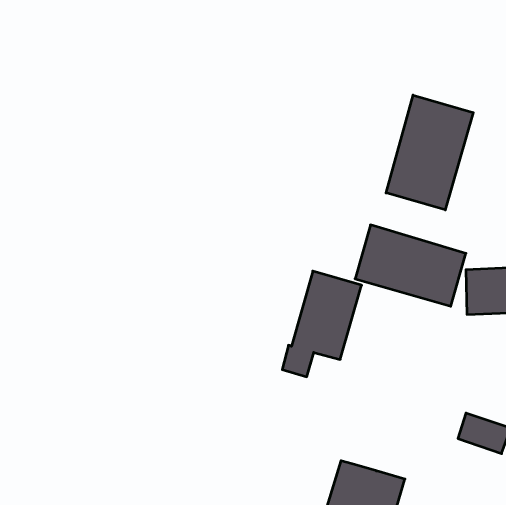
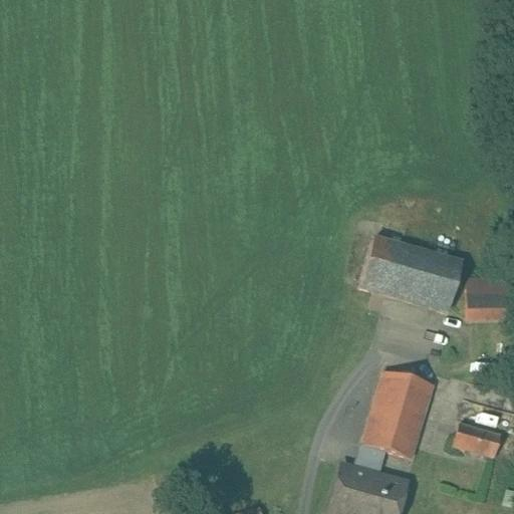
building: [386,95,473,210] -> none
building: [282,271,362,377] -> [354,371,433,476]

